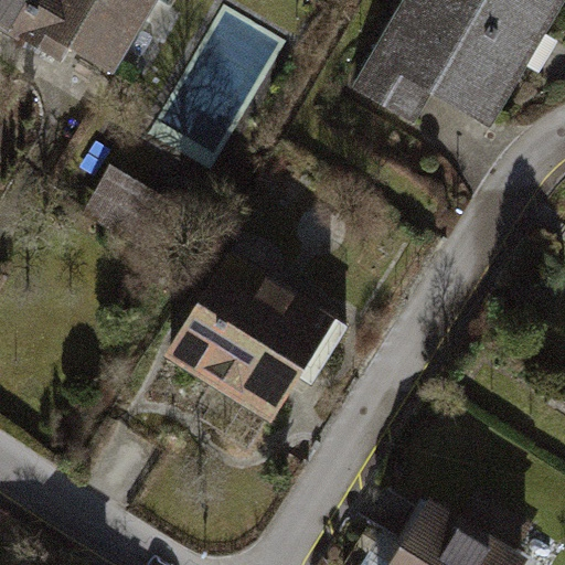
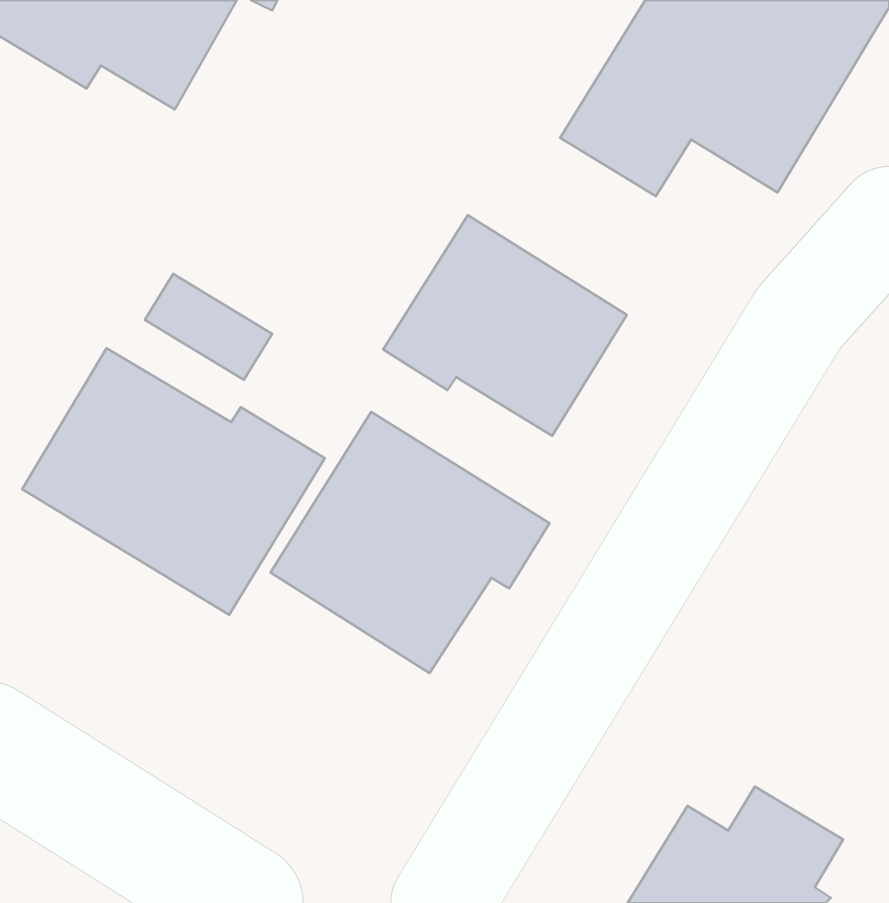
building: none -> [383,215,627,436]
building: none -> [22,348,325,615]

